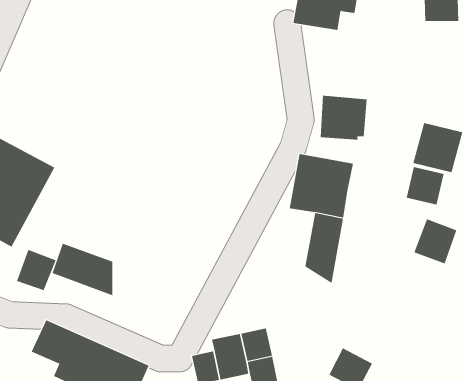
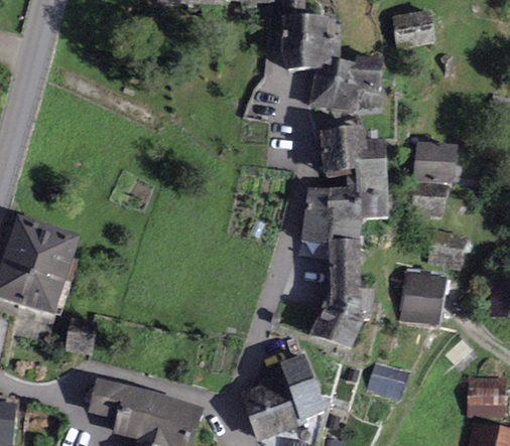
building: none -> [309,57,382,112]
building: none -> [358,164,384,216]
building: [52,243,113,296] -> none
building: none -> [400,273,443,326]
building: none -> [310,293,364,349]

